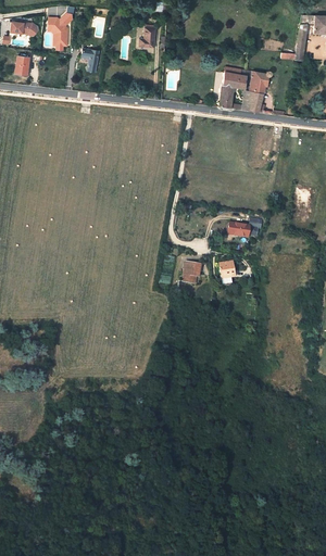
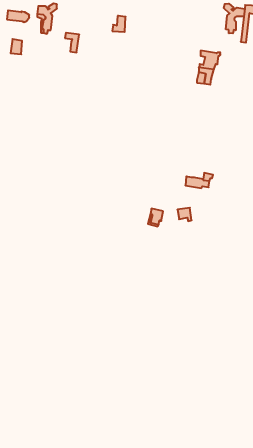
building: none -> [224,4,245,33]
building: [221,72,246,108] -> none

